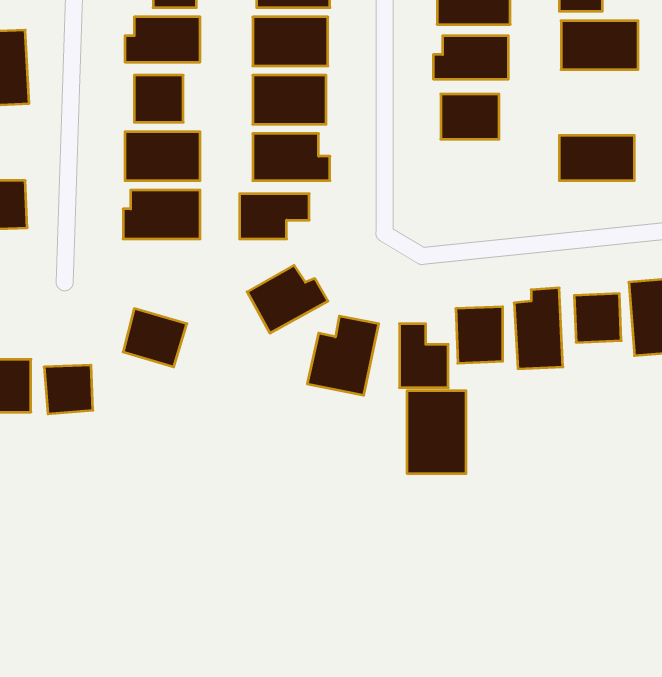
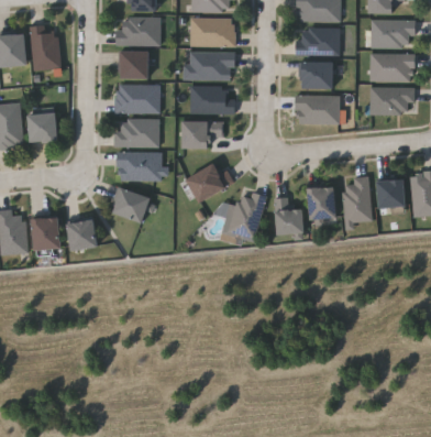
building: none -> [371,54,413,81]
building: none -> [296,95,339,124]
building: none -> [118,152,162,179]
building: [407,391,466,474] -> none

